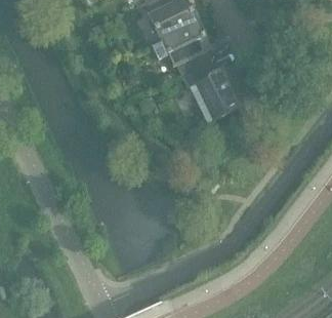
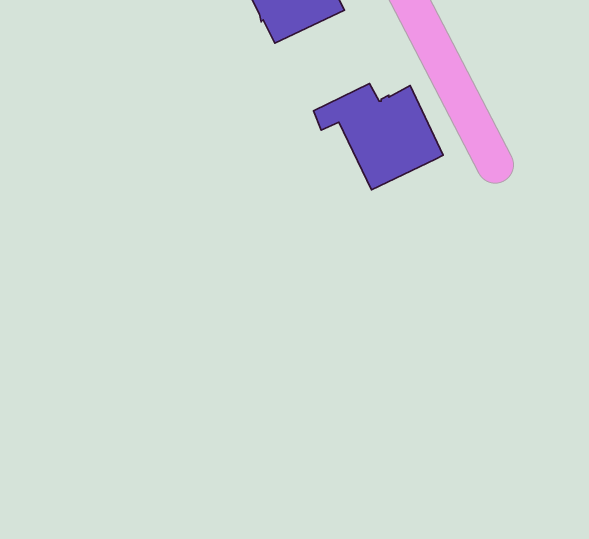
building: [150,21,210,74] -> none

